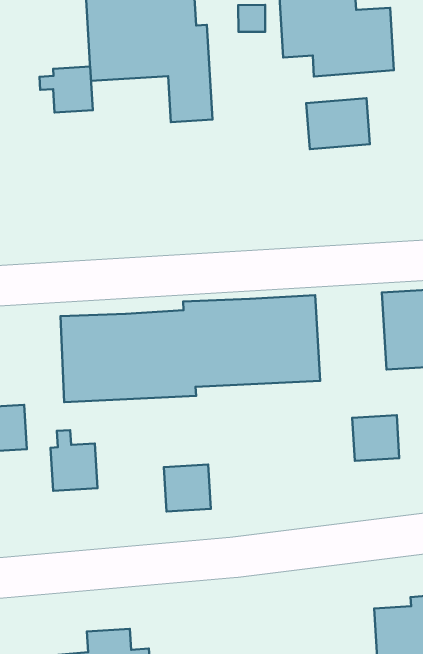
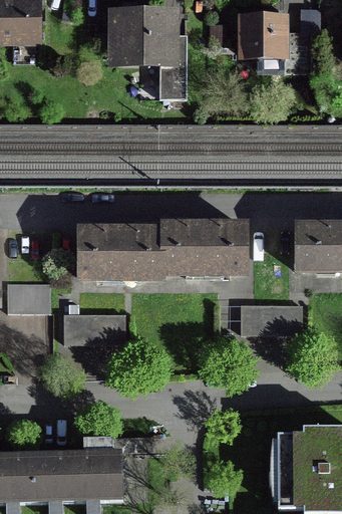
building: [40,66,93,112] -> none
building: [306,98,370,149] -> none
building: none -> [240,304,270,333]
building: [164,464,211,511] -> [95,311,125,341]

